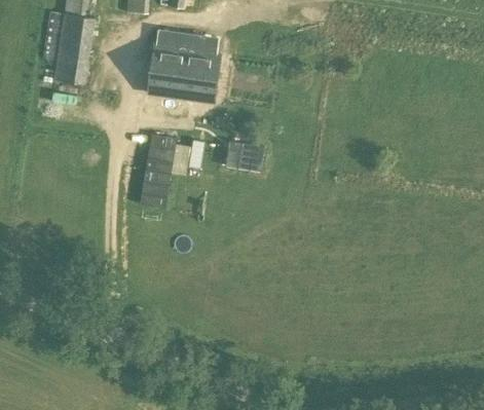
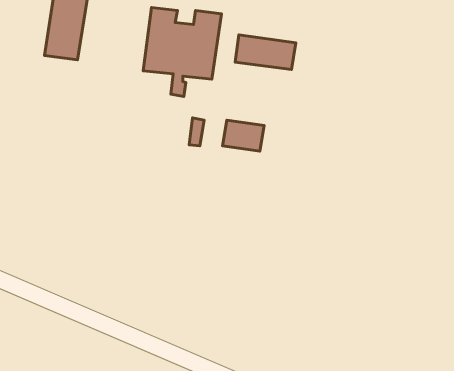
building: none -> [235,35,296,70]
building: [144,132,176,206] -> none

